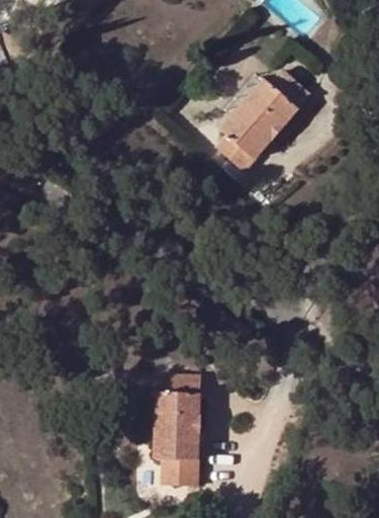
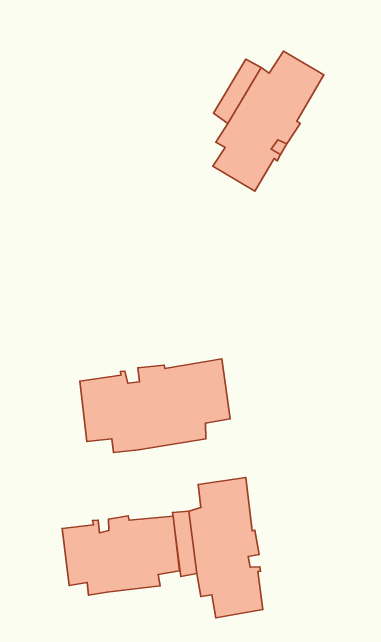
building: none -> [80,359,230,453]
building: none -> [62,516,179,595]

